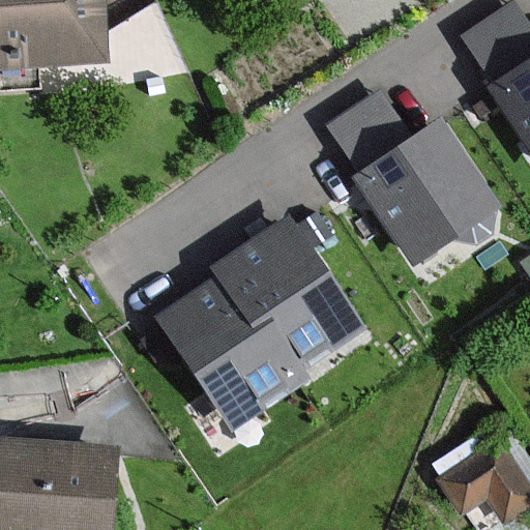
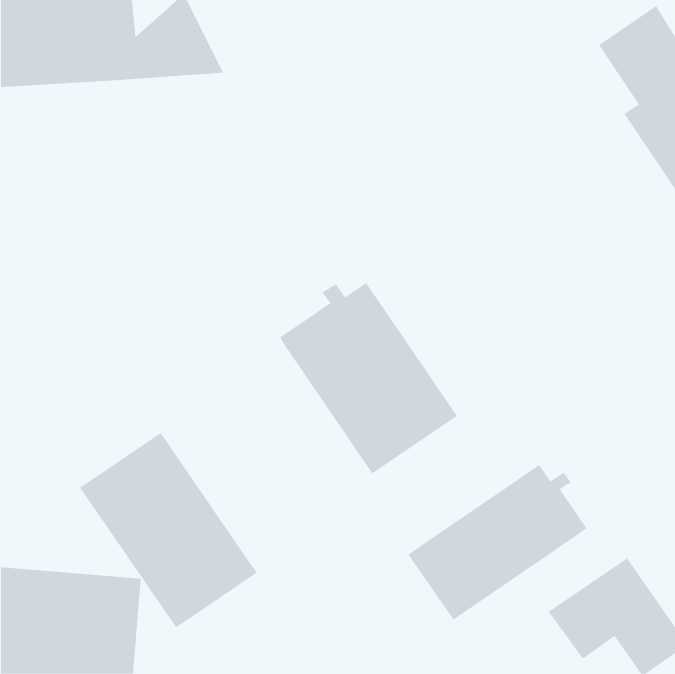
building: [335,94,494,261] -> none
building: [160,272,300,425] -> [79,432,258,628]
building: none -> [407,464,587,620]

